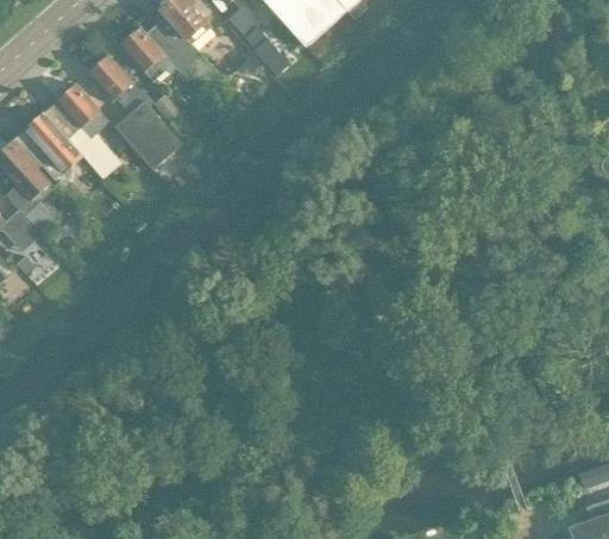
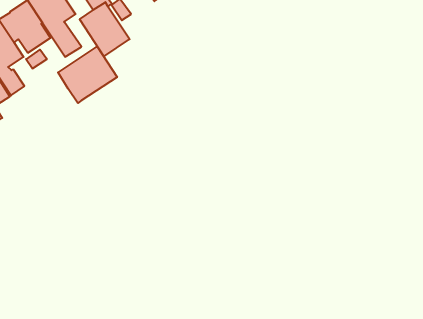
building: none -> [58,47,117,103]

